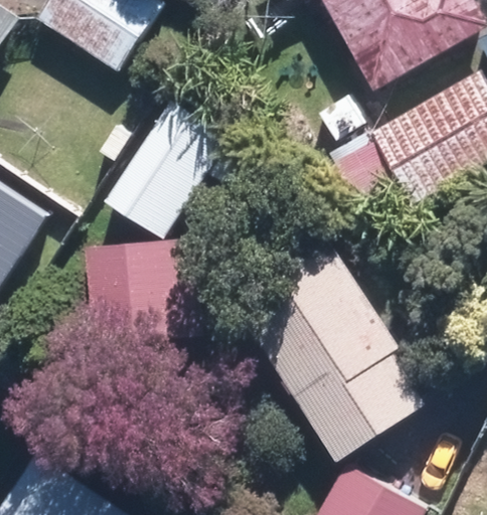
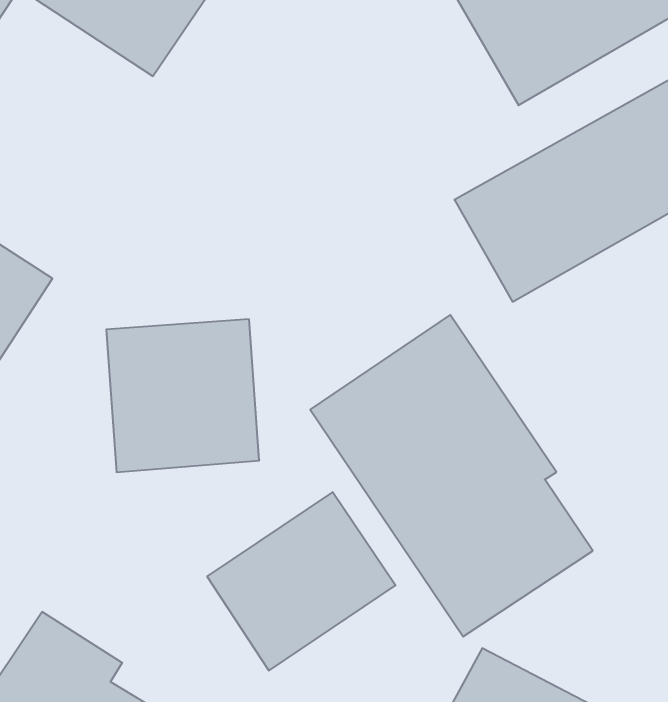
building: [106,99,229,237] -> none
building: none -> [207,492,396,671]

